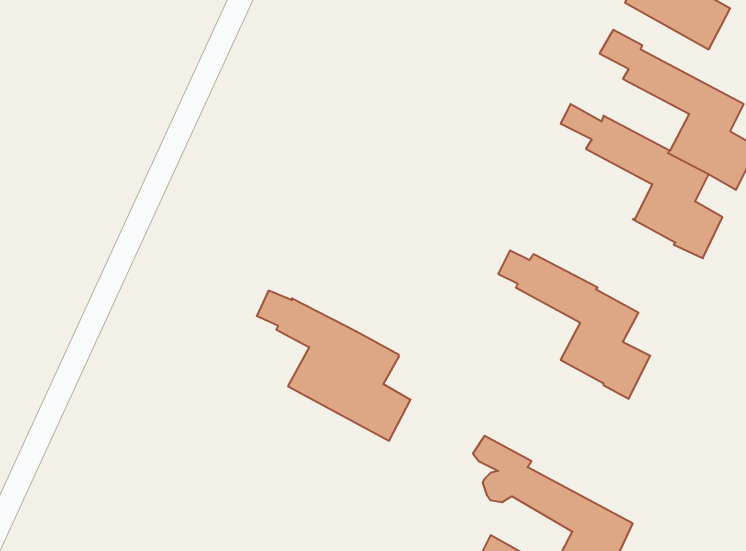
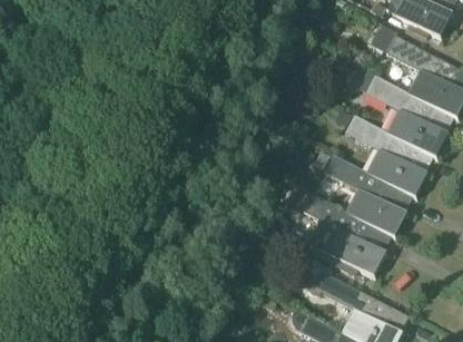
building: none -> [337,113,425,197]
building: [257,291,411,441] -> [296,193,384,279]

